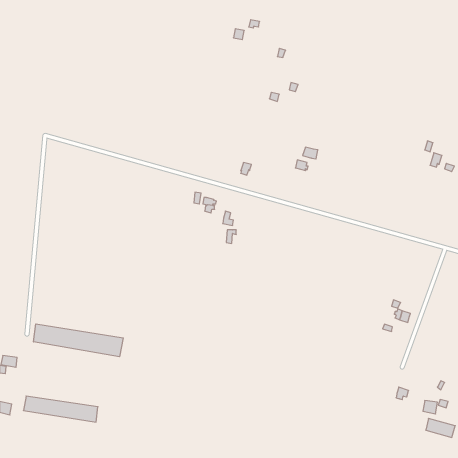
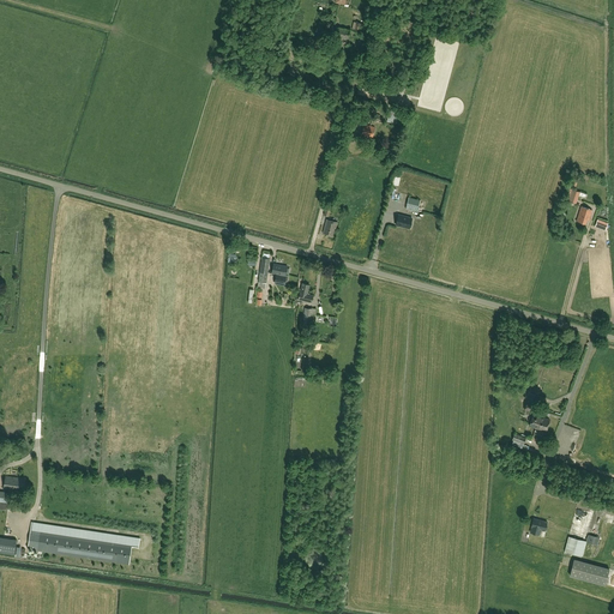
building: [34,324,123,357] -> none

